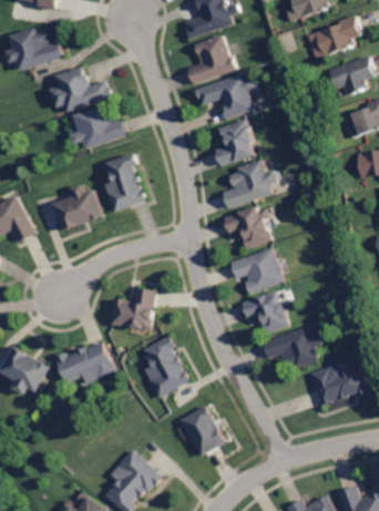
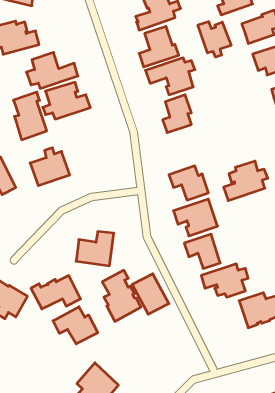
building: none -> [198,22,231,57]
building: [102,154,143,213] -> [13,92,47,140]
building: [222,161,276,209] -> [224,161,268,201]
building: none -> [53,307,98,344]
building: [178,407,224,457] -> [132,274,169,314]

